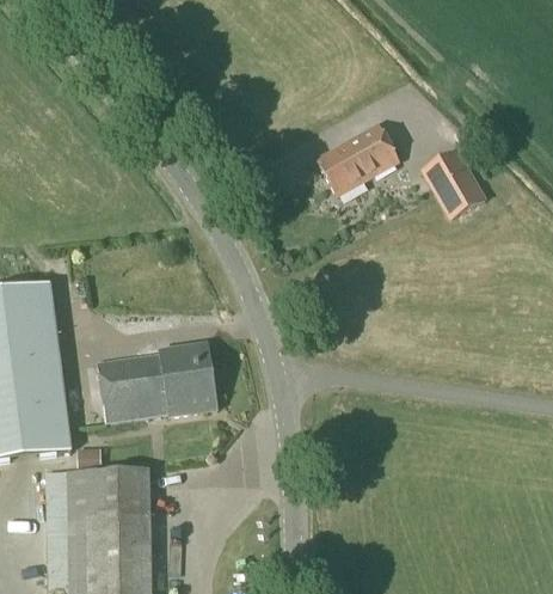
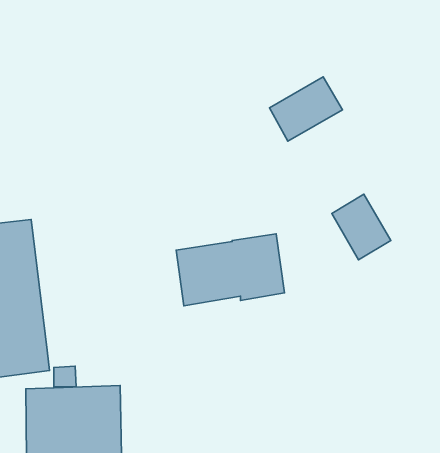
building: [419,147,485,220] -> [332,194,391,260]
building: [96,343,216,423] -> [176,234,285,306]

